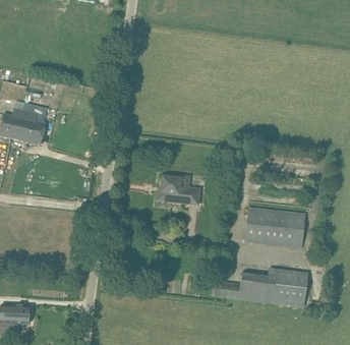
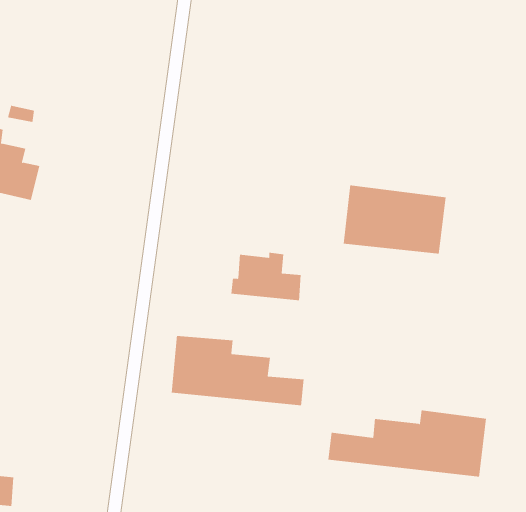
building: [245,207,306,247] -> [343,185,447,254]
building: none -> [171,335,304,406]

